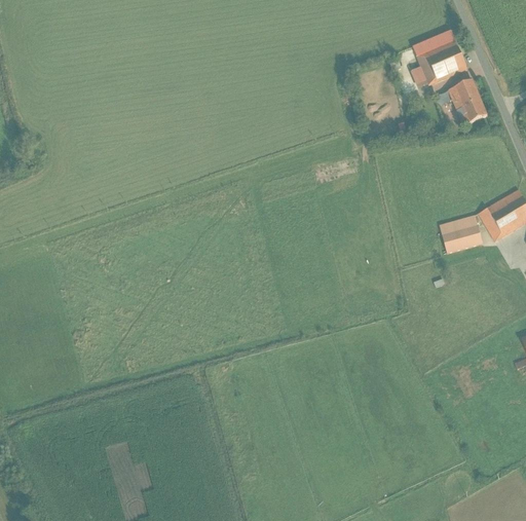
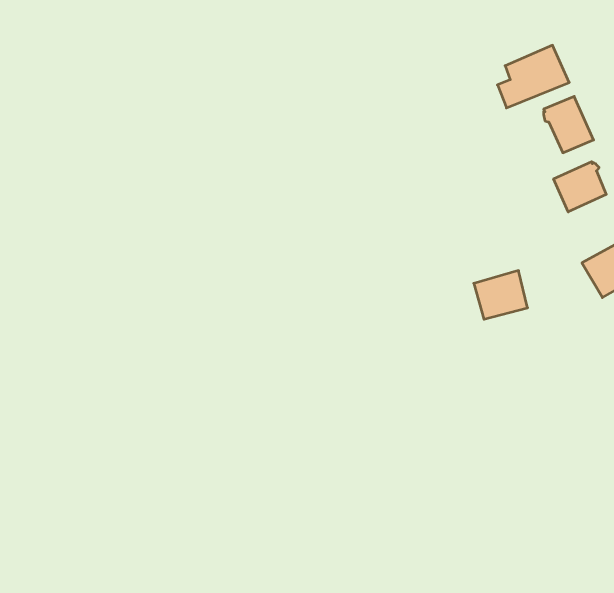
building: none -> [554,162,606,212]
building: [439,213,482,252] -> [474,271,528,319]

